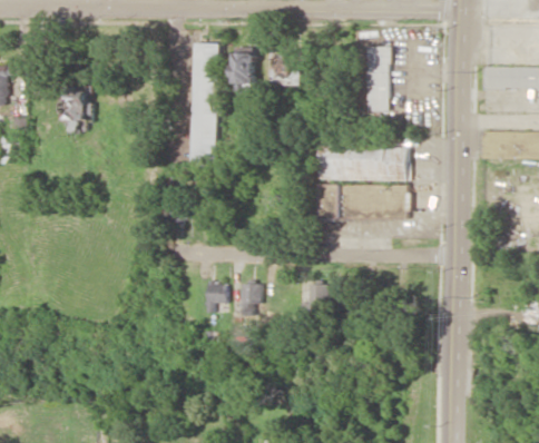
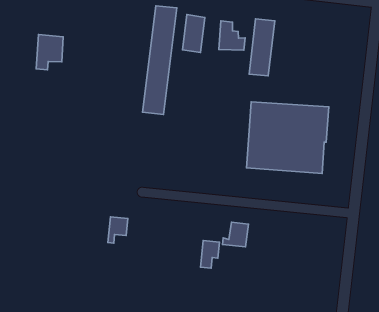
building: [365,47,389,111] -> [249,19,275,76]
building: [206,283,226,313] -> [108,217,128,243]
building: [241,285,259,316] -> [201,240,219,268]

